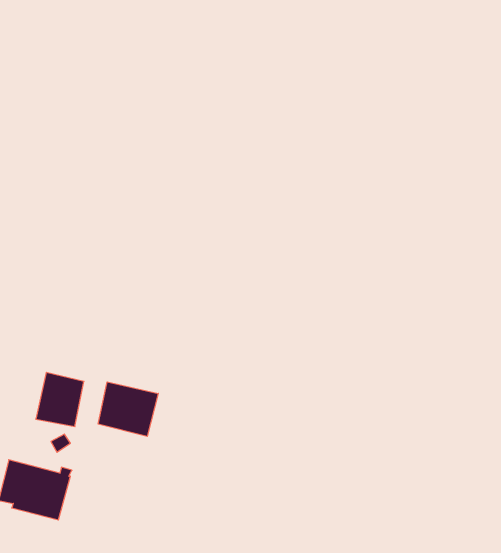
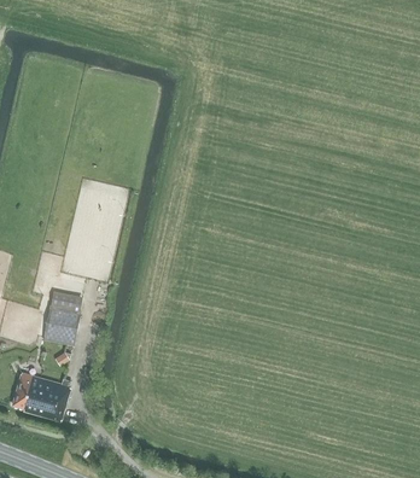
building: [98,382,158,436] -> none

